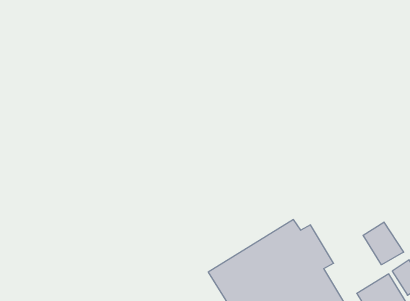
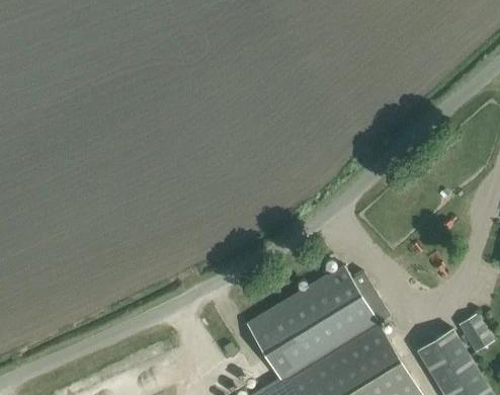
building: [363,222,404,265] -> none

